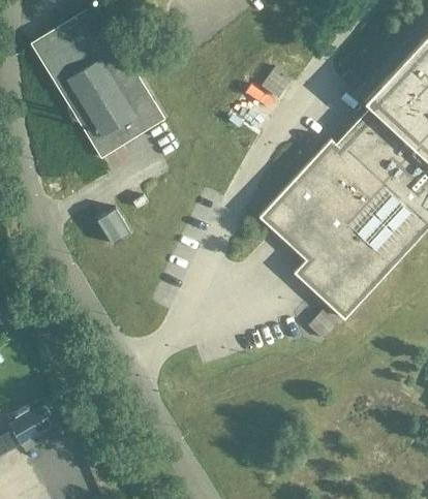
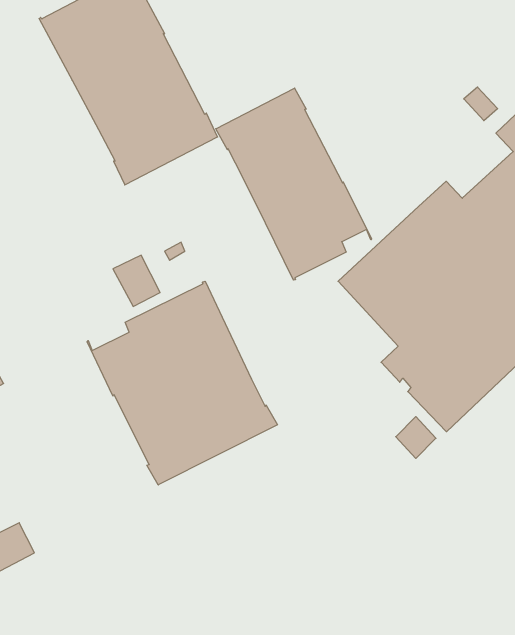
building: none -> [216,88,371,280]
building: none -> [87,281,277,485]

